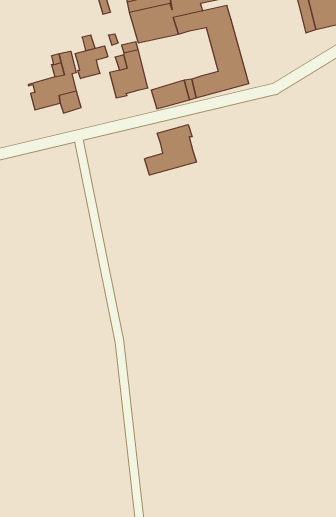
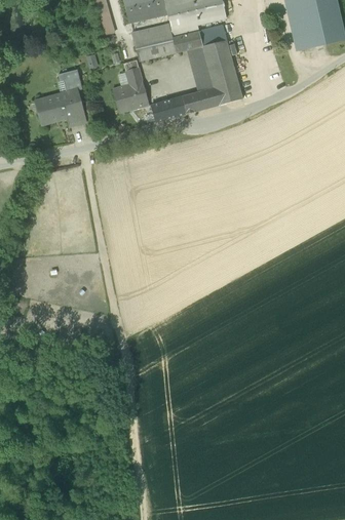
building: none -> [188,46,215,91]
building: [75,46,108,79] -> none
building: [145,125,196,175] -> none

